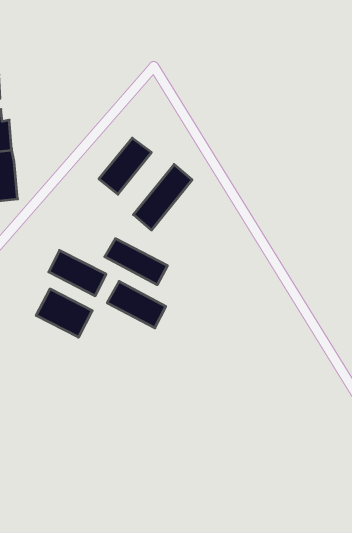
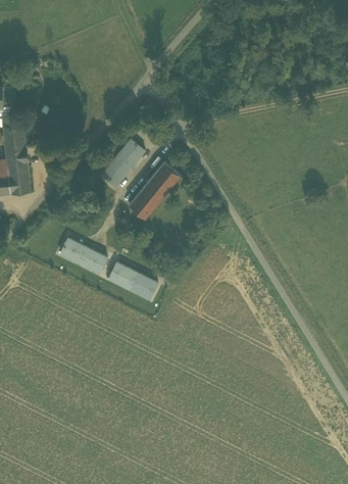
building: [105,239,167,285] -> none
building: [36,289,92,337] -> none

